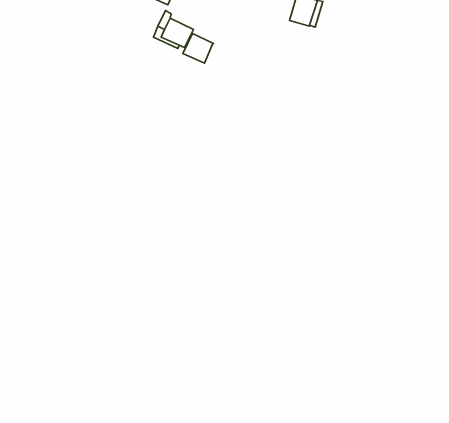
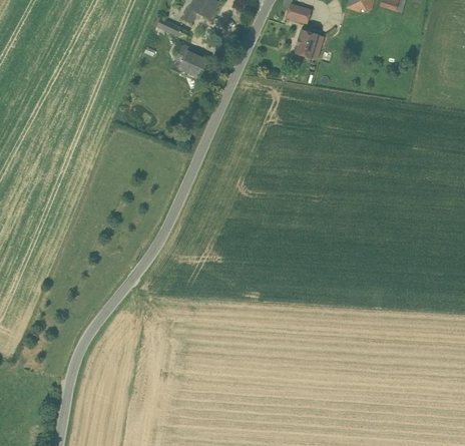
building: [183,33,213,63] -> none

